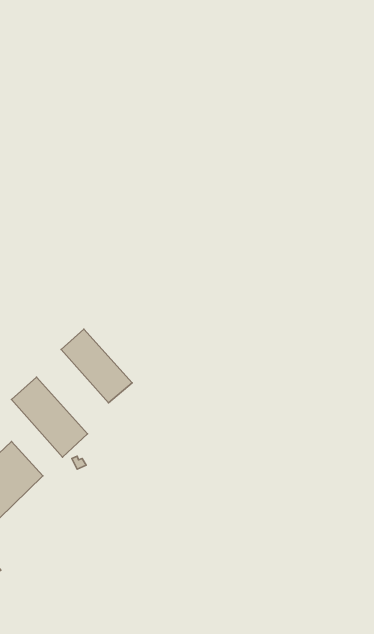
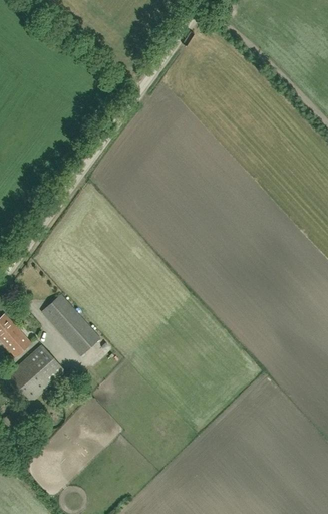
building: [61,329,132,403] -> none

